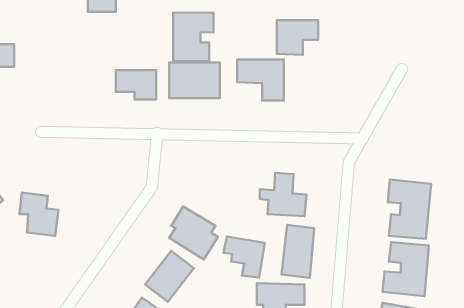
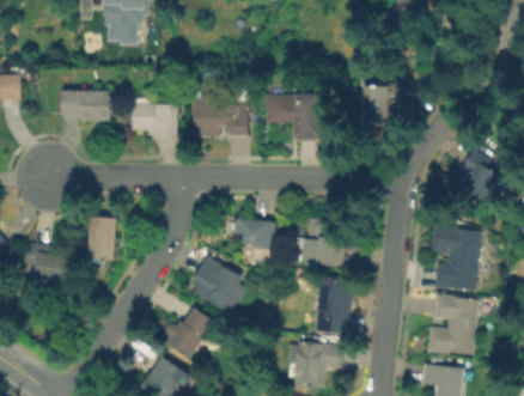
building: [173,13,213,61] -> none
building: [277,20,318,55] -> [360,87,406,126]
building: none -> [60,90,111,120]
building: none -> [447,152,499,207]
building: none -> [89,217,116,261]
building: [224,237,265,278] -> [232,215,278,261]

